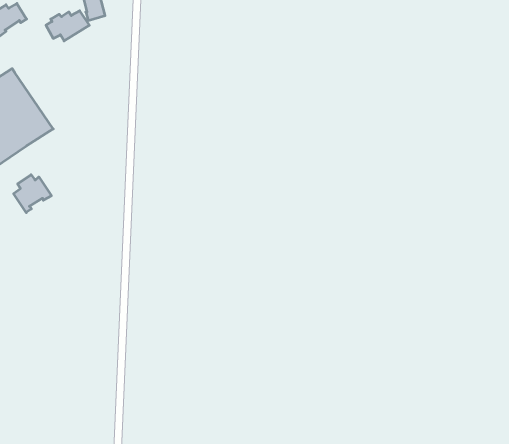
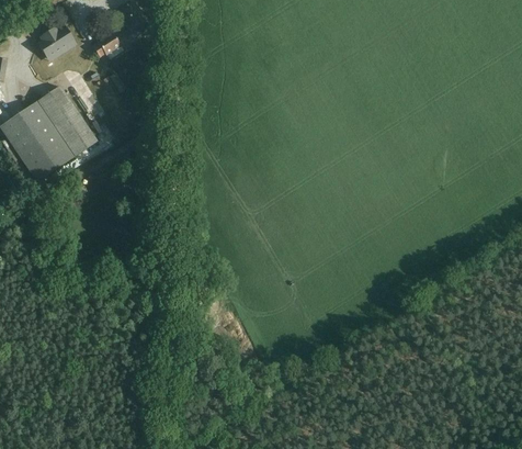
building: [14,175,51,213] -> none

